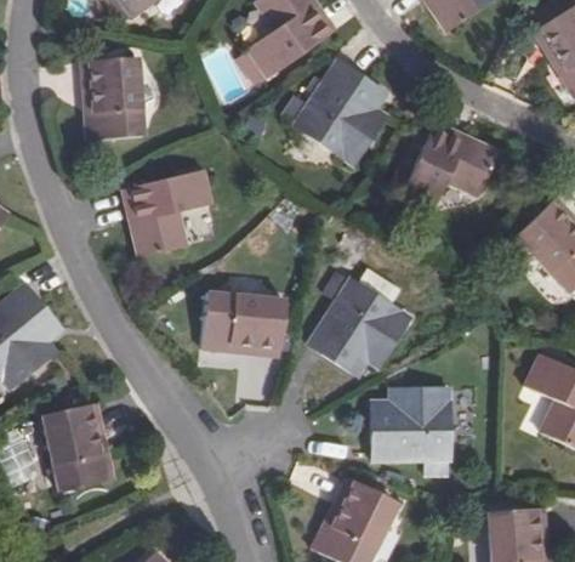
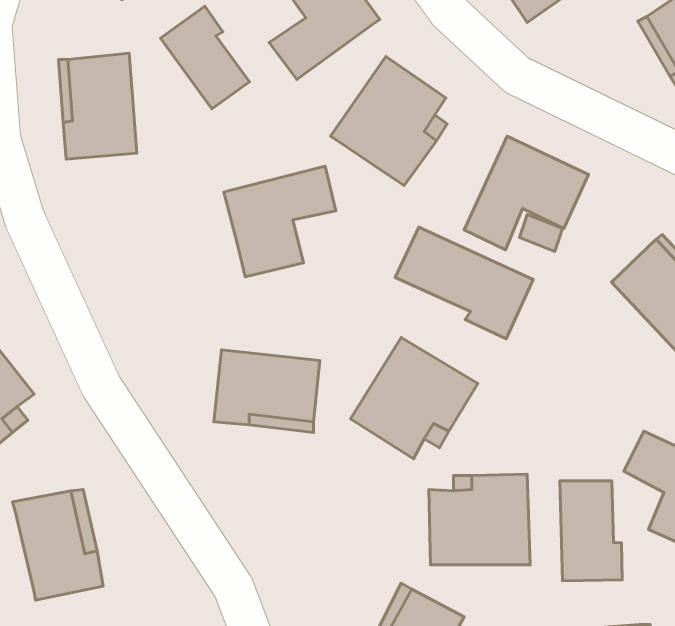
building: none -> [161,6,250,109]
building: [121,169,210,256] -> [224,166,336,277]
building: none -> [395,227,533,339]
building: none -> [560,481,622,581]

